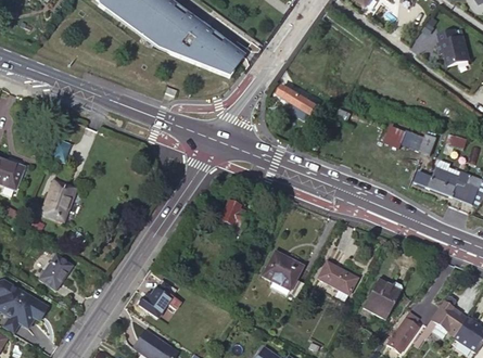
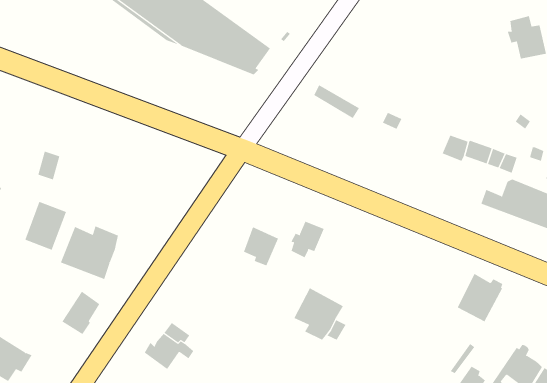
building: none -> [290,221,325,258]
building: none -> [60,226,118,280]
building: [39,254,71,290] -> [62,291,100,335]
building: [318,261,358,294] -> none
building: [364,279,402,319] -> [457,273,503,322]

